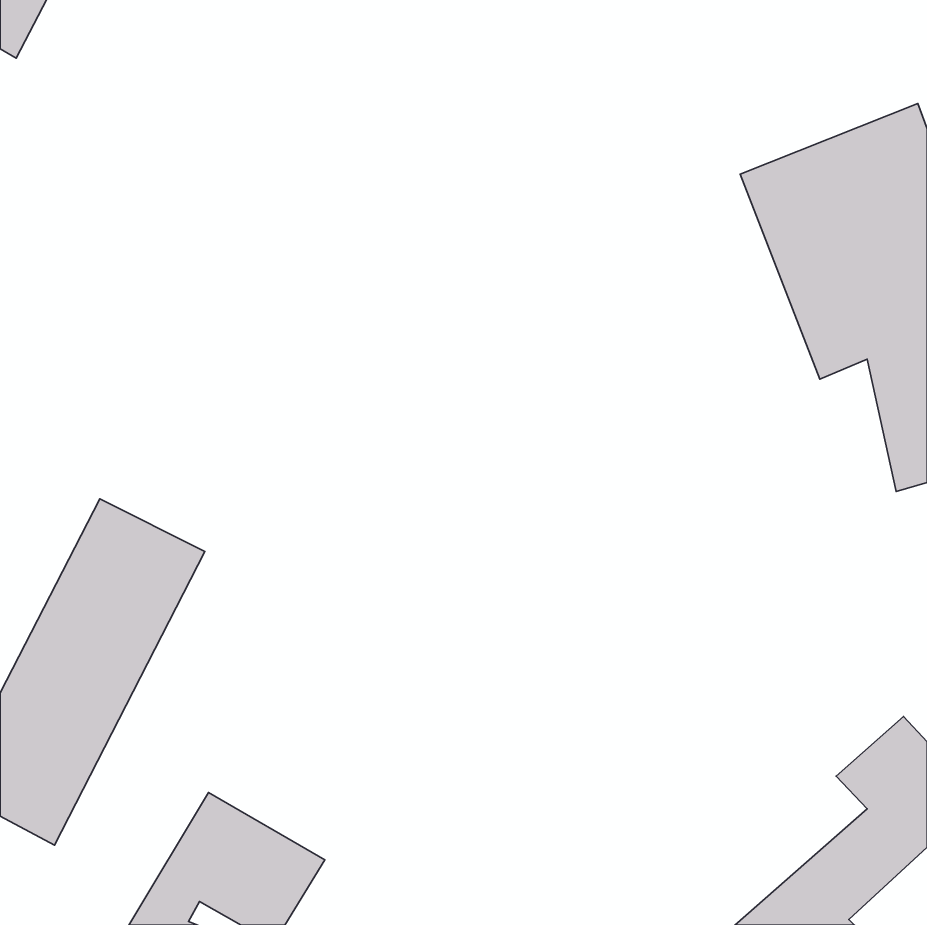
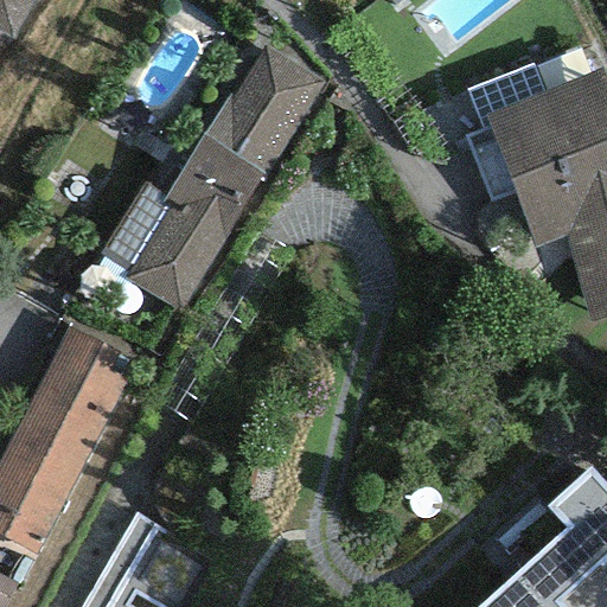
building: none -> [123,44,324,313]

